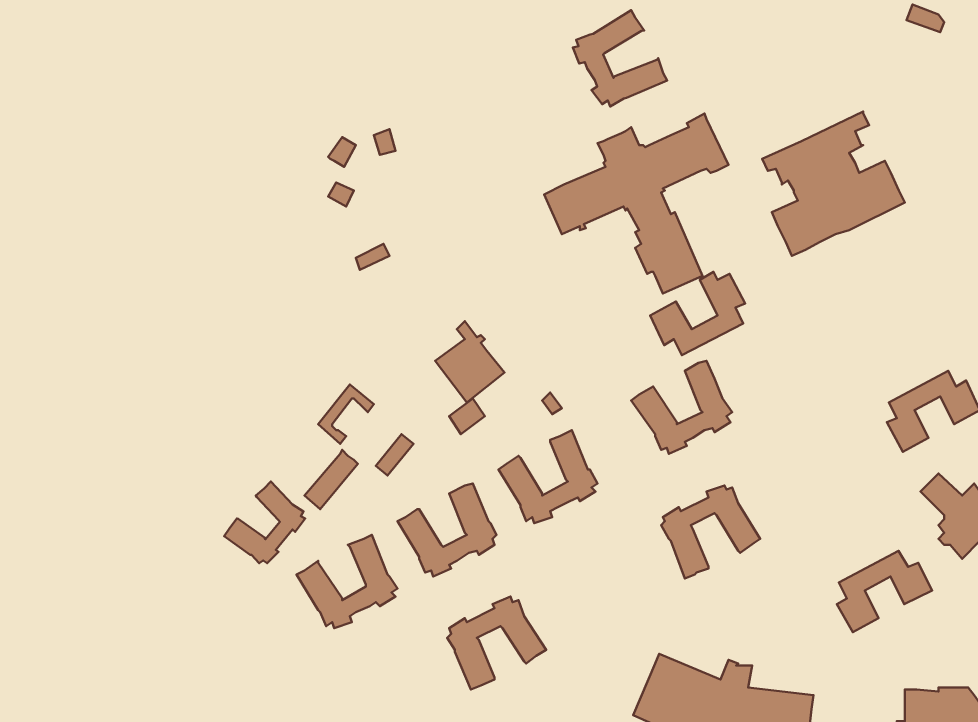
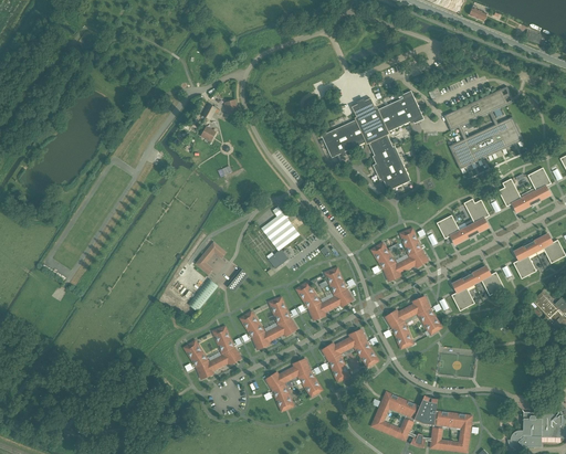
building: [573,10,667,107] -> none
building: none -> [499,168,551,213]
building: [650,272,745,355] -> [437,199,490,245]
building: [224,482,305,563] -> none
building: none -> [323,331,379,383]
building: [837,551,932,632] -> [451,266,504,312]

